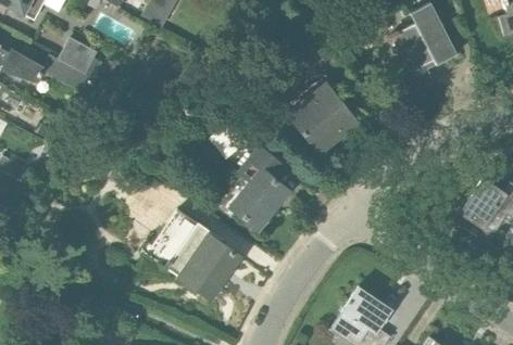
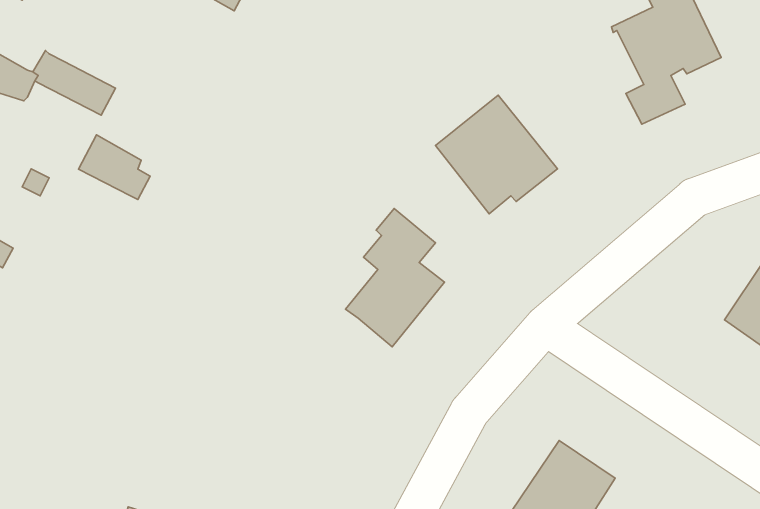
building: [59,37,102,76] -> [78,135,150,200]
building: [146,209,239,298] -> none

